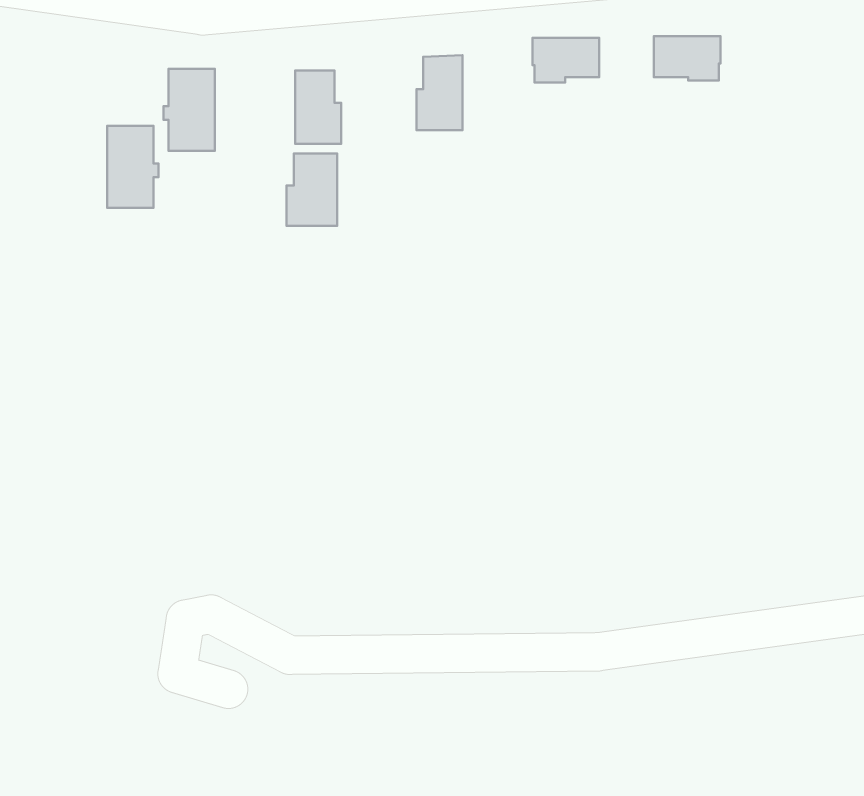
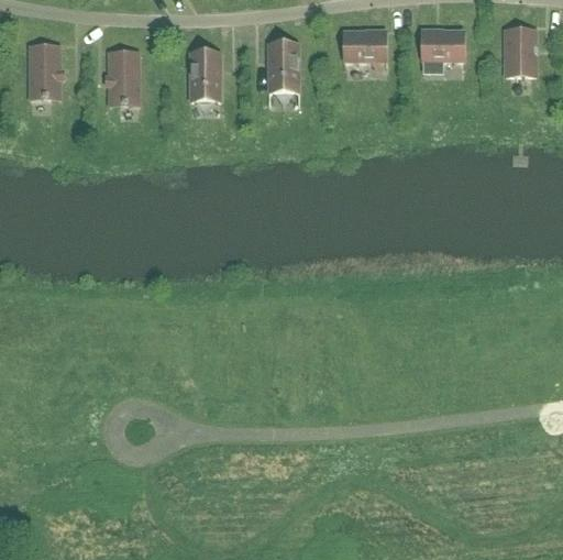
building: none -> [505,28,536,74]
building: [107,126,158,208] -> [30,44,63,97]
building: [286,154,337,226] -> none

